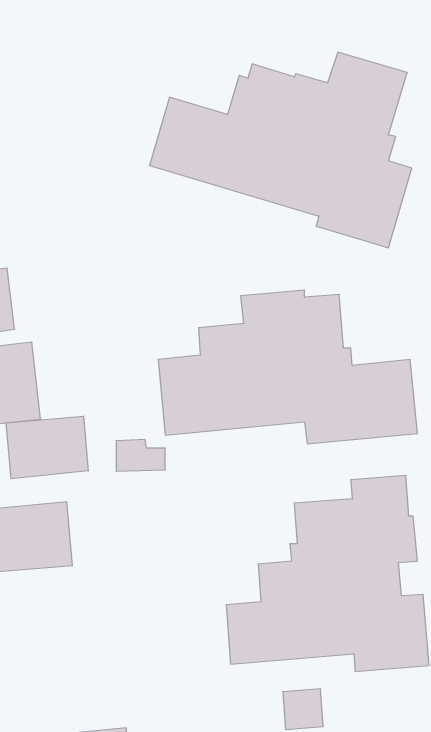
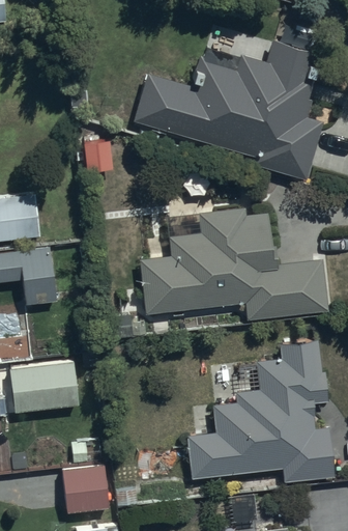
building: [6,416,88,479] -> none
building: none -> [62,465,108,512]

